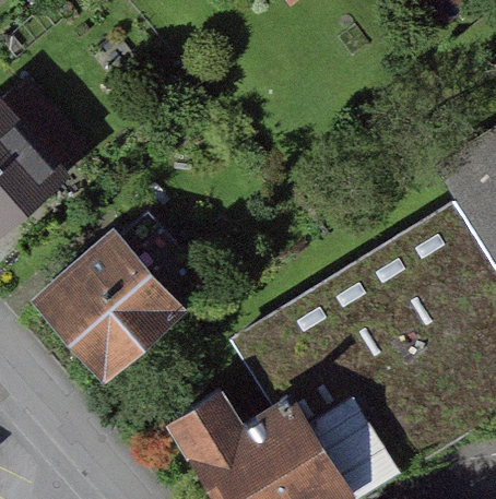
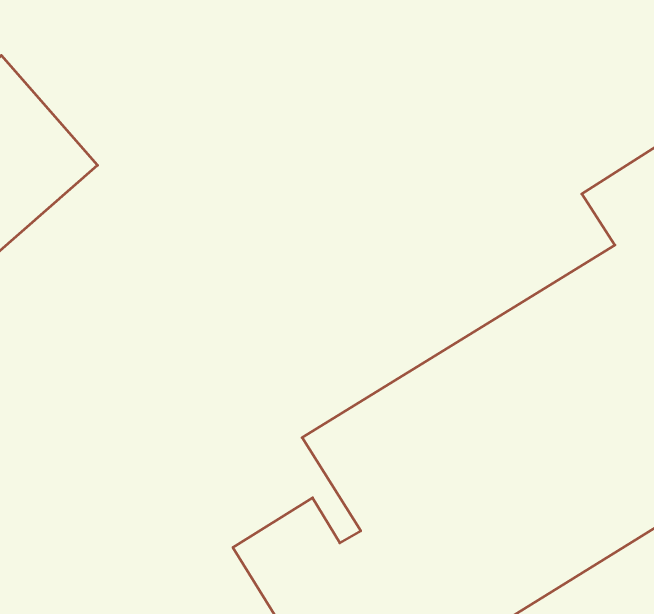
building: [24,224,184,382] -> none

